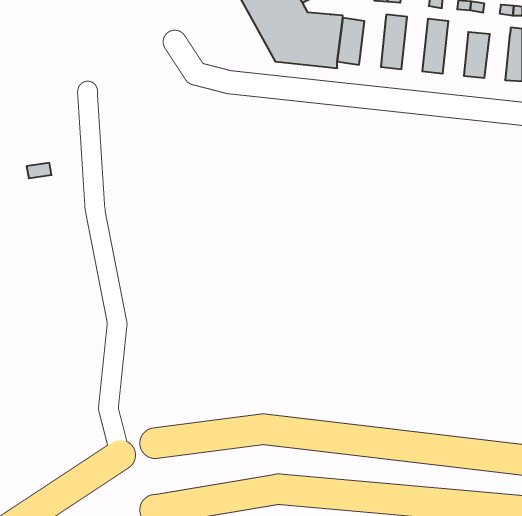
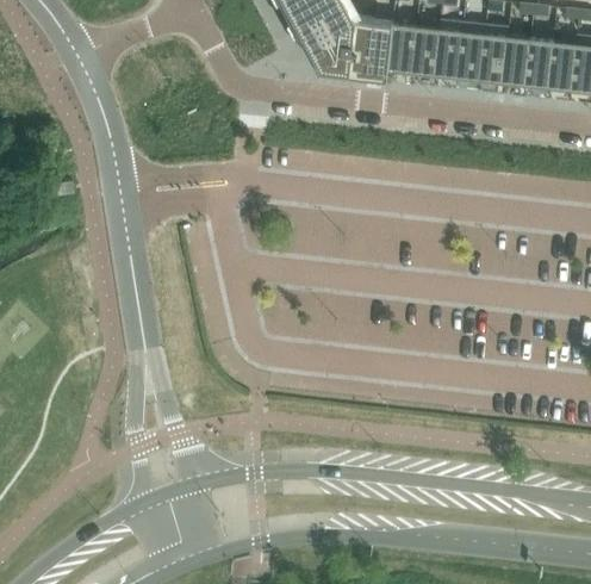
building: none -> [458,24,486,83]
building: none -> [411,29,440,79]
building: none -> [503,38,530,88]
building: none -> [548,43,576,93]

